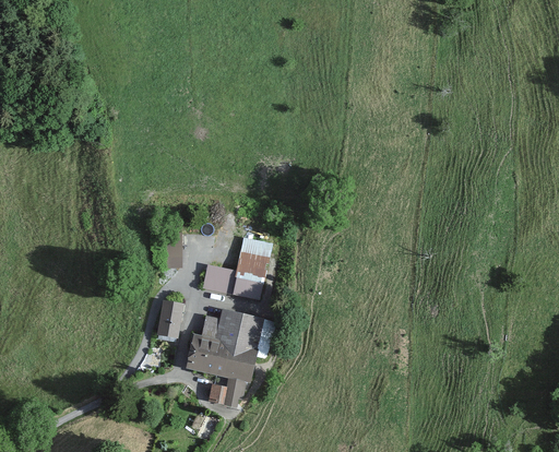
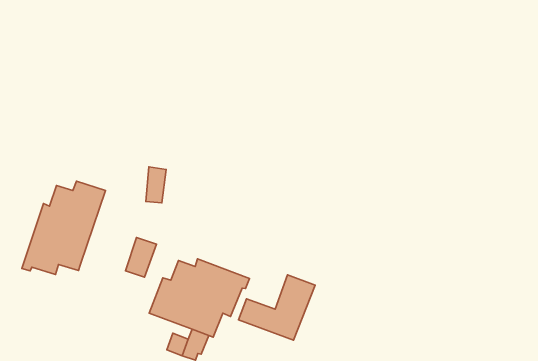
building: [203,237,270,297] -> [238,275,315,340]
building: none -> [22,181,105,274]

